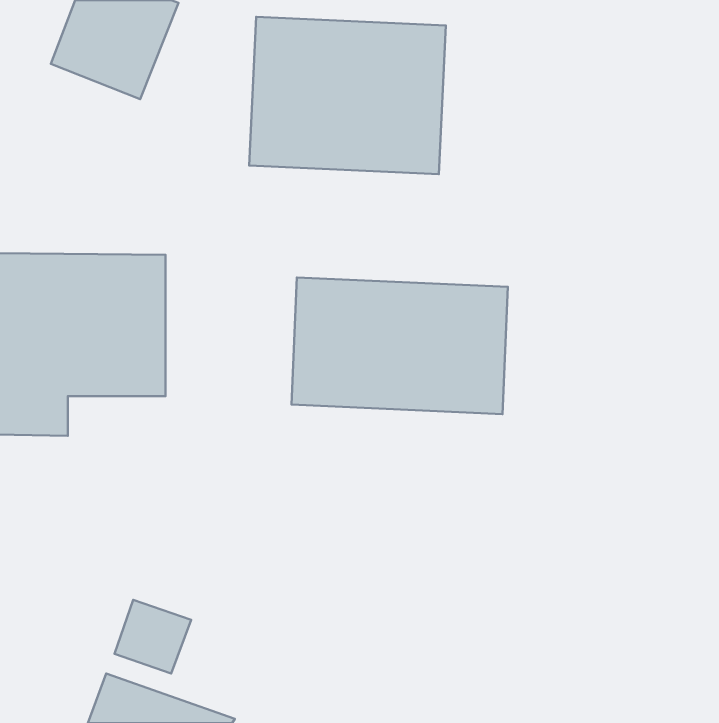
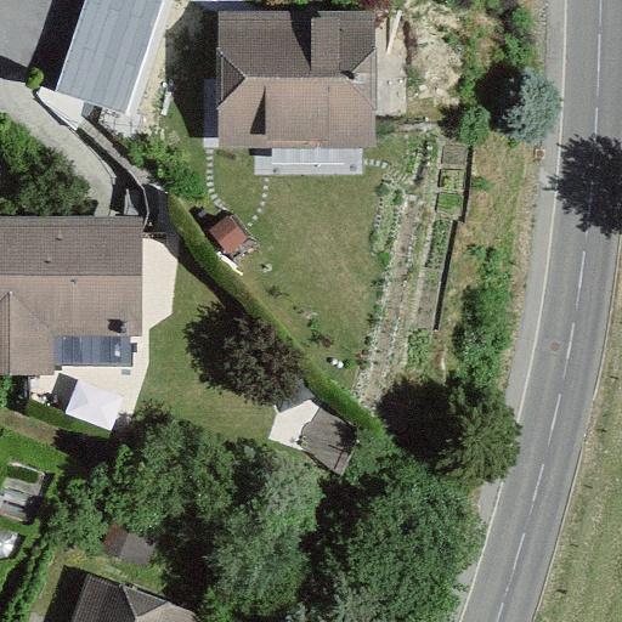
building: [292,277,508,414] -> none

